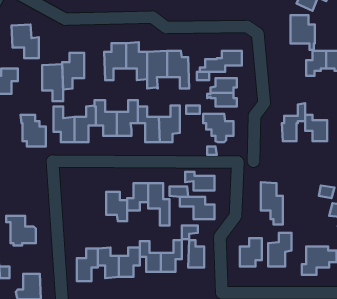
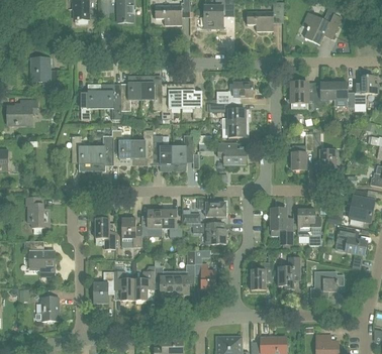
building: [291,15,315,50] -> [290,82,313,115]
building: [42,64,63,101] -> [100,83,120,118]
building: [20,115,46,146] -> [25,197,50,227]
building: none -> [297,209,321,244]
building: none -> [94,217,115,248]

